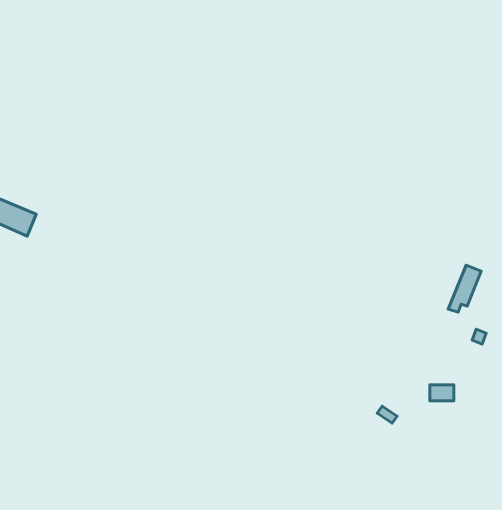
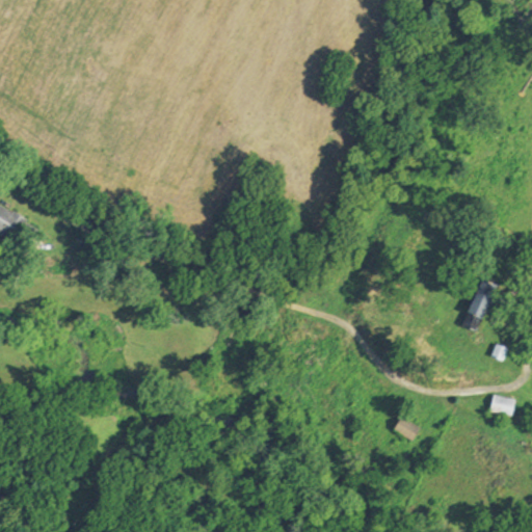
building: [430,385,454,401] -> [489,396,514,413]

